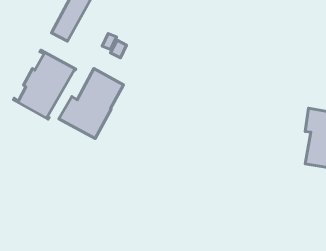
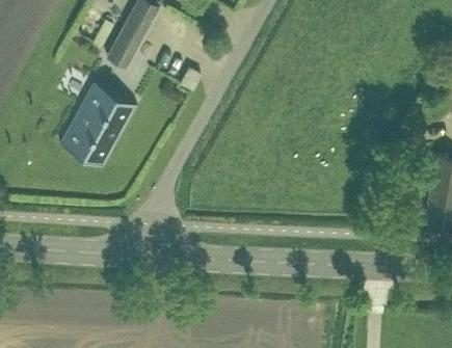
building: [59,68,124,138] -> none

